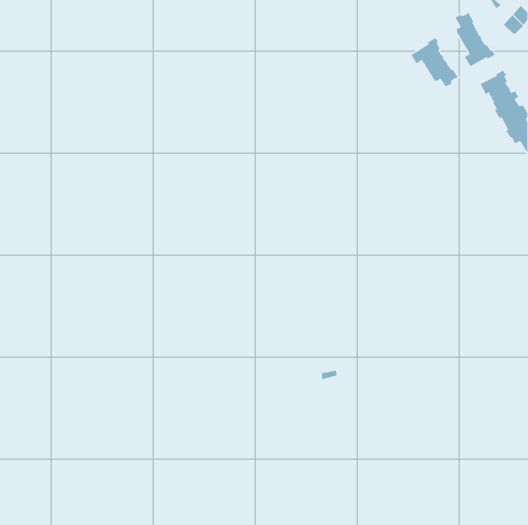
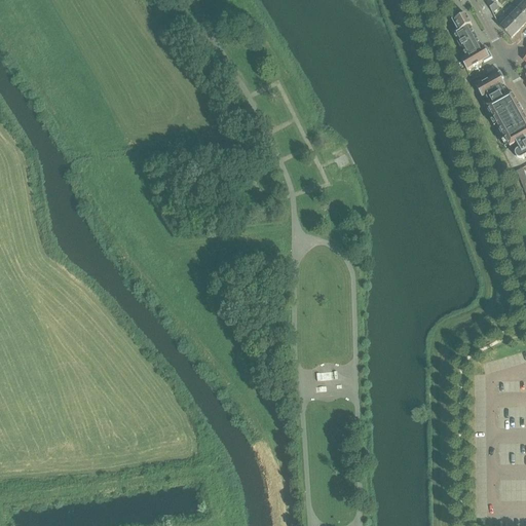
building: [410,37,459,88] -> none

